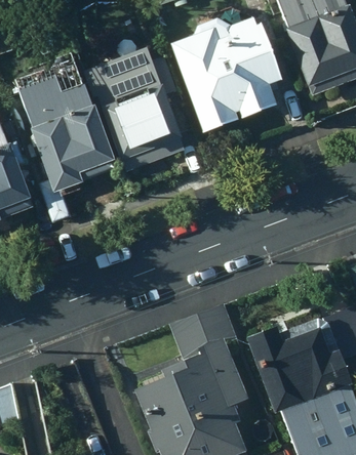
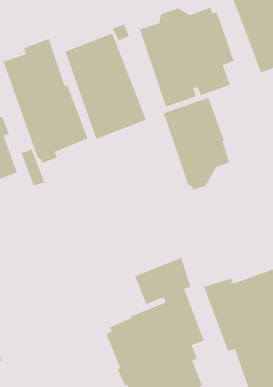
building: none -> [163,97,230,191]

